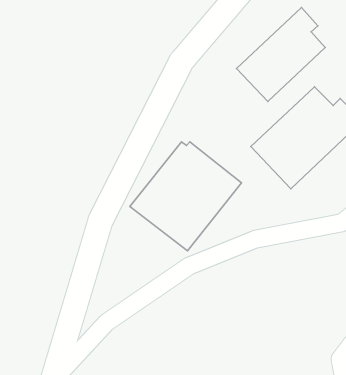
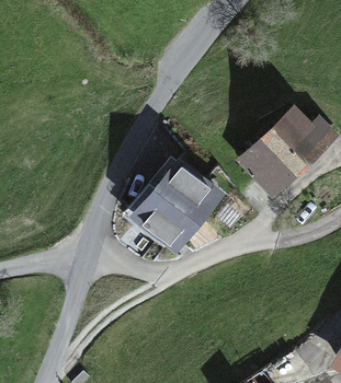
building: [236,7,325,102] -> none

